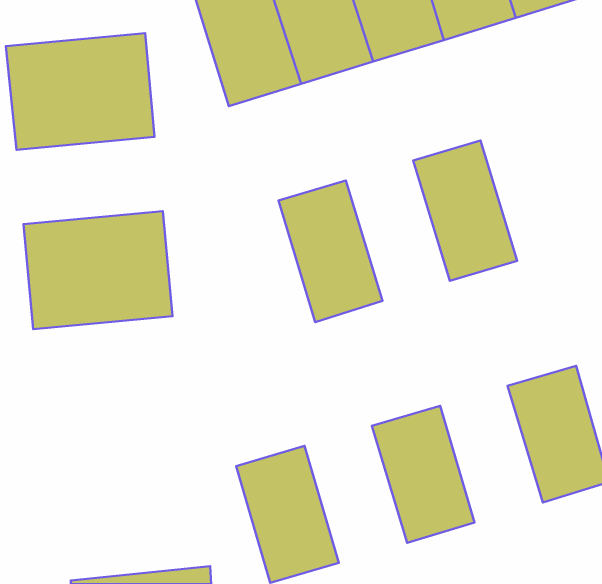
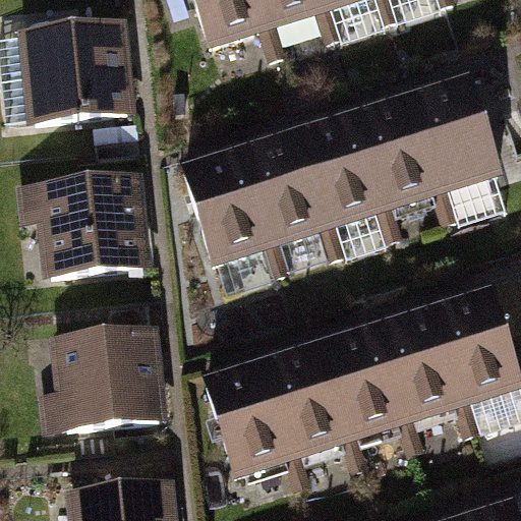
building: none -> [415,103,505,225]
building: none -> [299,138,389,259]
building: none -> [183,173,273,295]
building: none -> [381,333,469,451]
building: none -> [44,340,173,442]
building: none -> [264,367,352,485]

